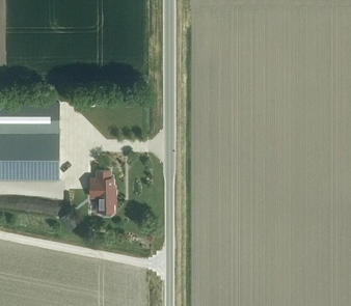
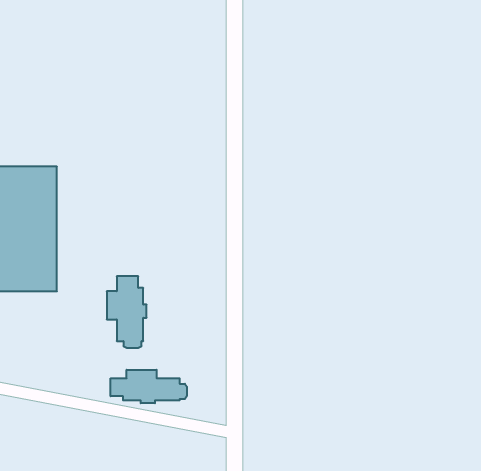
building: none -> [111,370,187,403]

